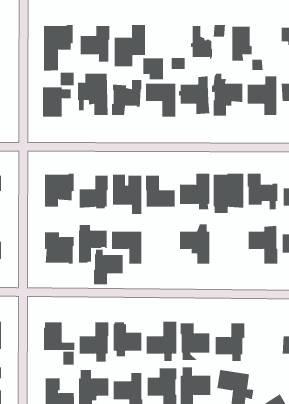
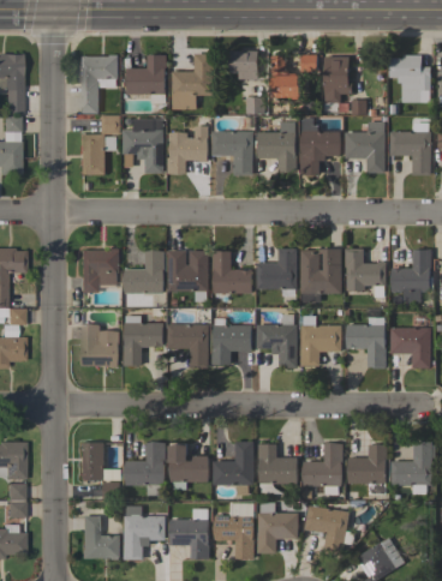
building: [143,58,164,80] -> [229,50,257,79]
building: none -> [300,316,341,366]
building: [93,249,124,285] -> [211,318,251,365]
building: none -> [347,444,387,495]

